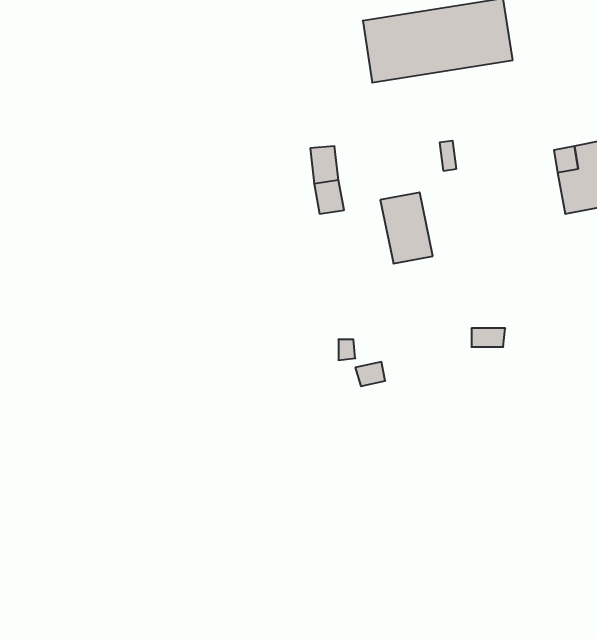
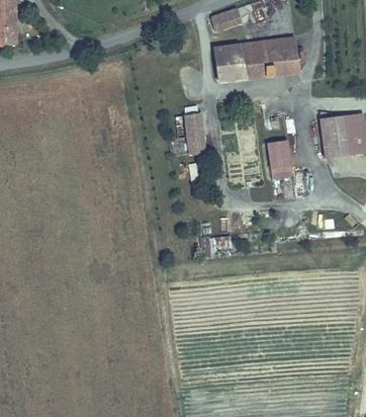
building: [380,192,433,264] -> [268,142,296,180]

